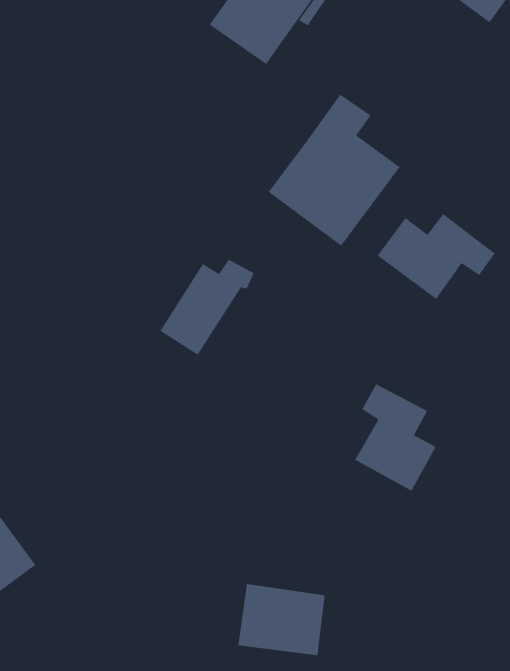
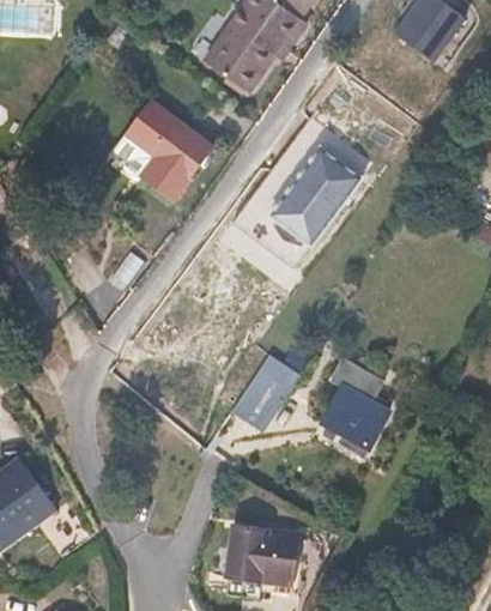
building: none -> [125,104,212,202]
building: [377,213,496,300] -> none
building: [159,259,254,355] -> [231,351,310,431]

